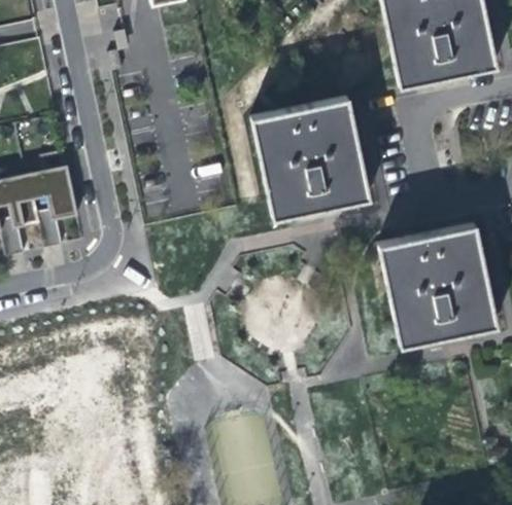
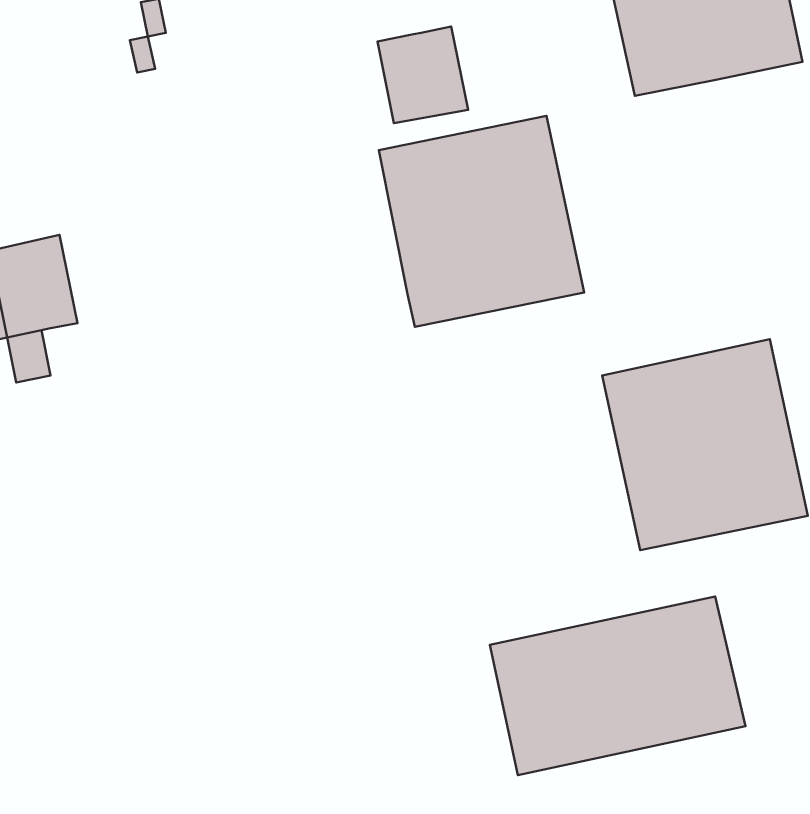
building: none -> [377,26,468,123]
building: none -> [490,596,745,775]

